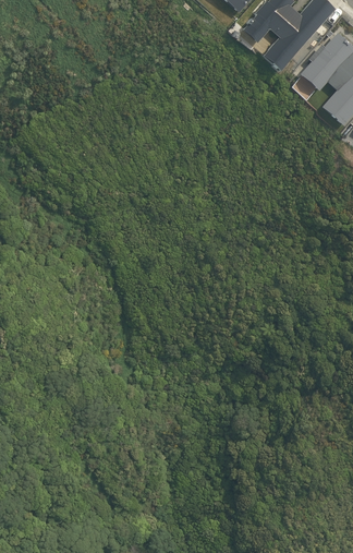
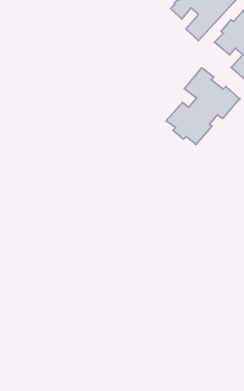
building: none -> [166,68,240,145]

